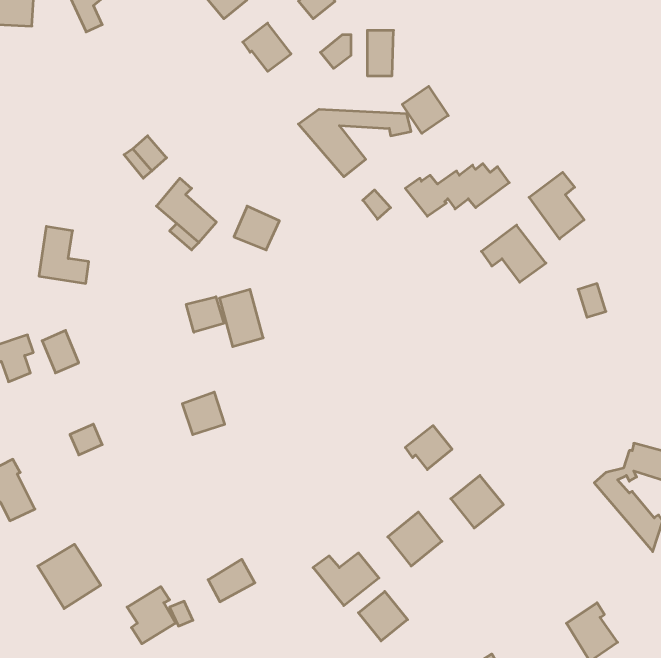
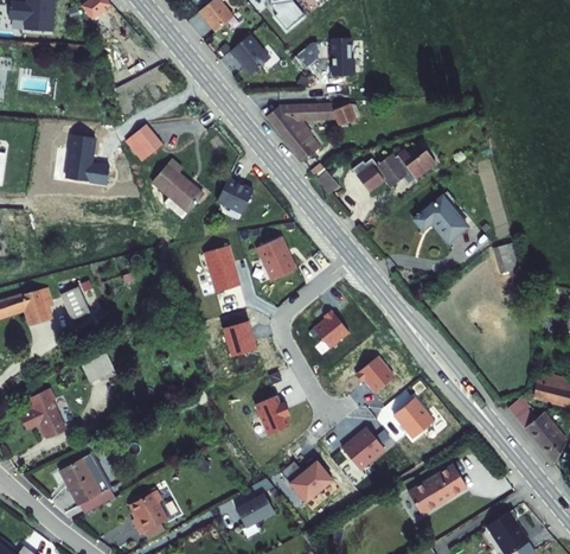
building: [402,86,448,133] -> none
building: [529,172,584,239] -> none
building: [39,226,89,283] -> [68,140,108,186]
building: none -> [256,240,296,281]
building: [186,297,224,332] -> none
building: none -> [313,312,351,352]
building: [182,392,225,435] -> [223,323,257,357]
building: none -> [255,397,290,437]
building: none -> [414,458,472,508]
building: [208,559,255,602] -> [228,486,265,521]
building: [358,591,408,641] -> none

